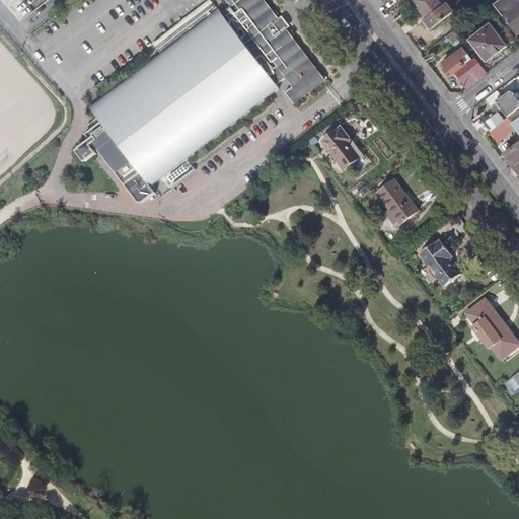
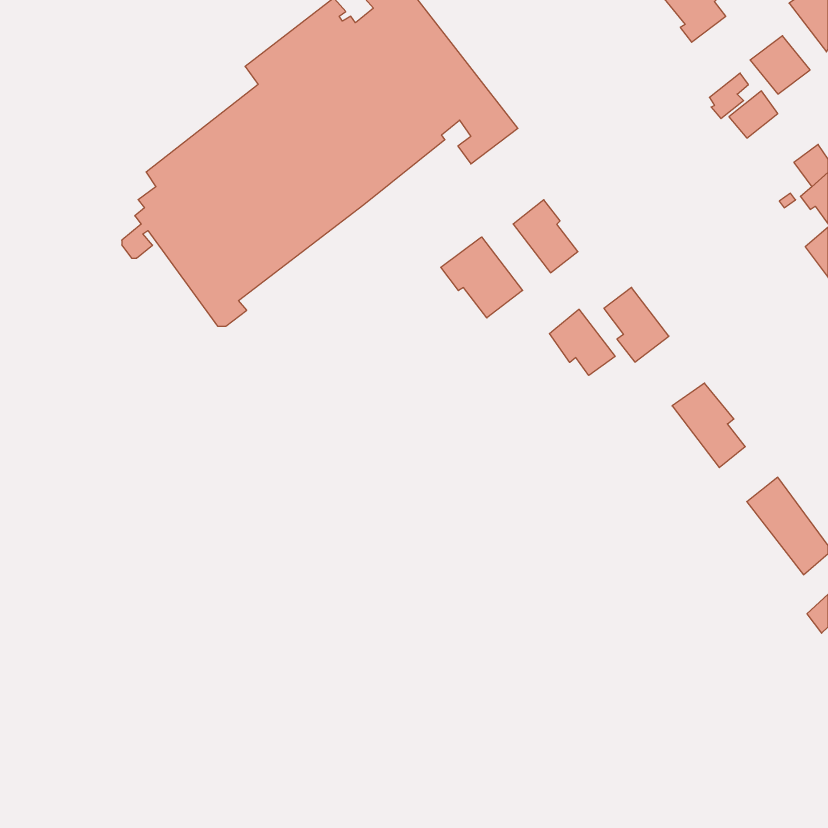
building: none -> [441,237,523,318]
building: none -> [549,309,615,375]

